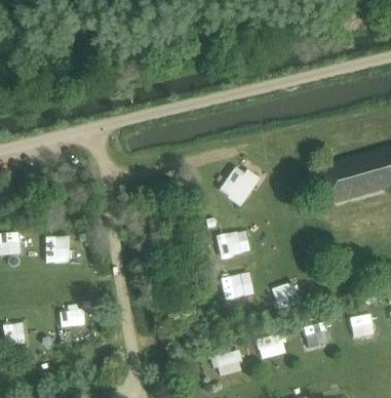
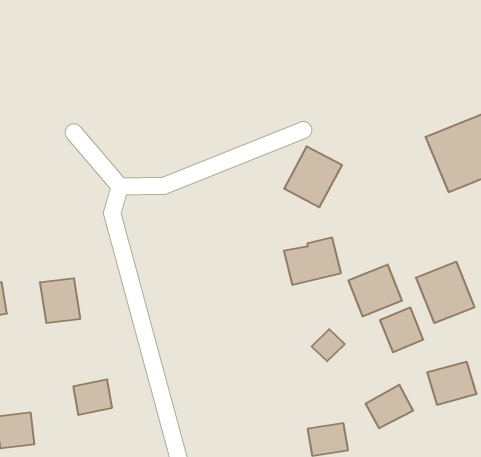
building: none -> [348,264,402,317]
building: none -> [416,262,474,323]

